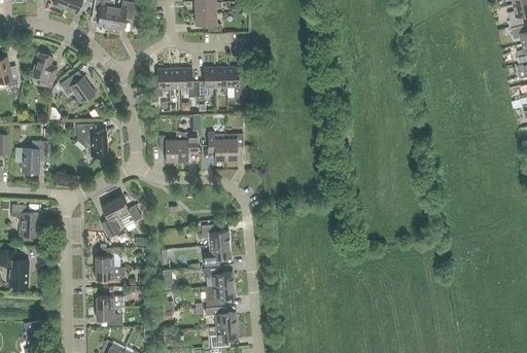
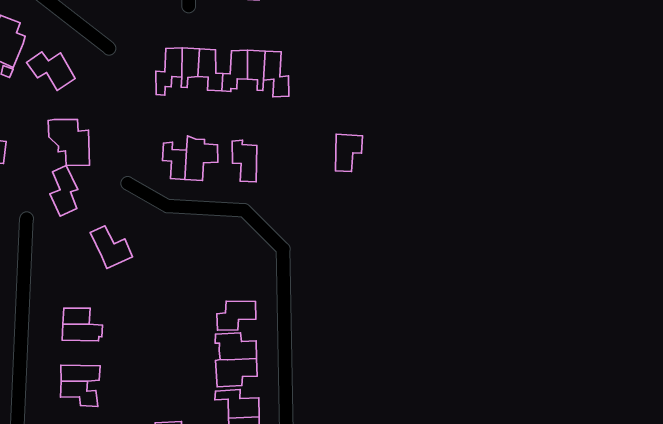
building: [224,134,243,160] -> [336,134,362,172]
building: [100,202,119,238] -> [50,165,78,216]
building: [201,224,230,245] -> none

